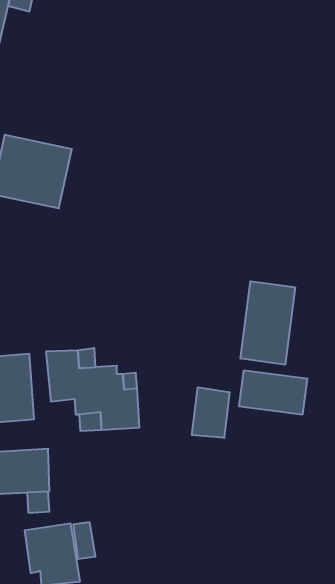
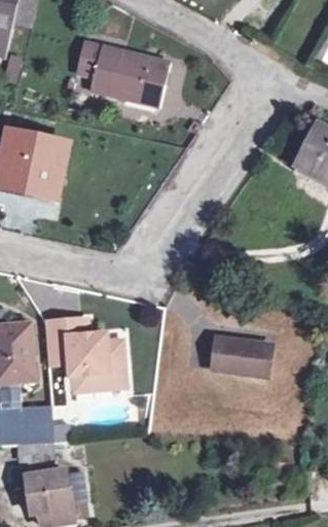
building: none -> [77,41,170,105]
building: [240,281,295,365] -> none
building: [192,387,229,438] -> none

